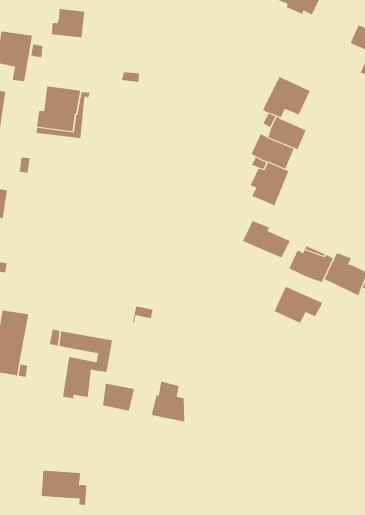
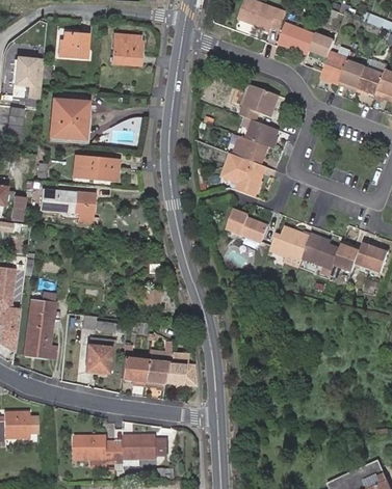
building: none -> [281,20,319,51]
building: none -> [108,37,135,65]
building: none -> [69,159,114,184]
building: none -> [37,192,88,226]
building: [274,286,323,324] -> none
building: none -> [145,342,171,390]
building: none -> [112,436,154,464]

